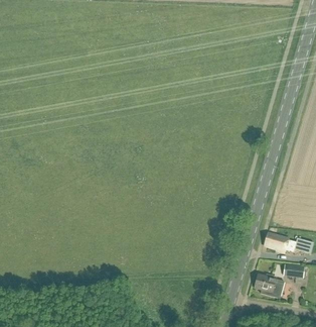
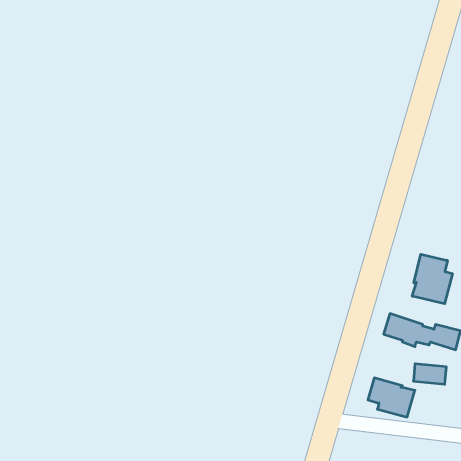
building: none -> [412,254,452,304]

